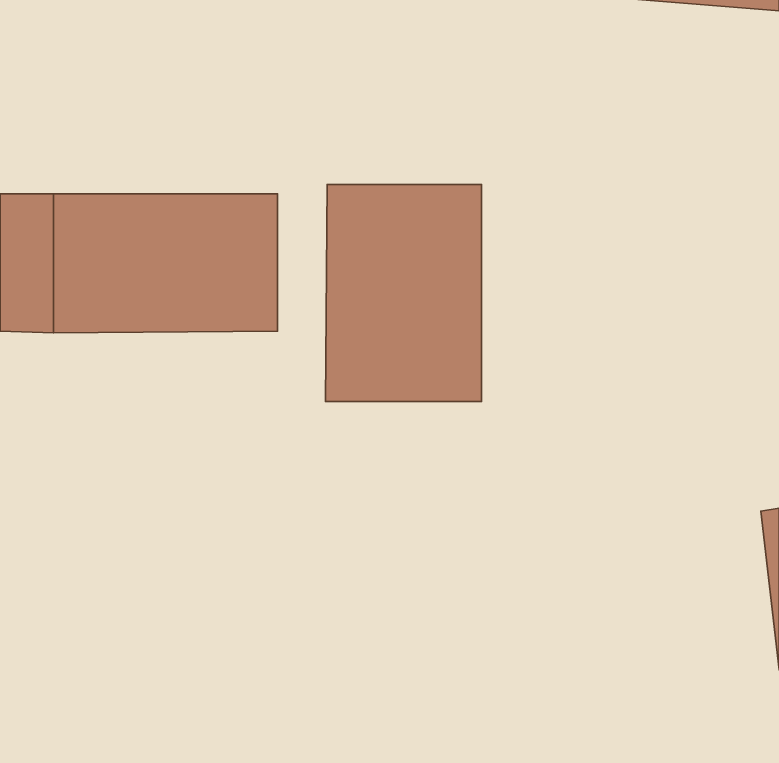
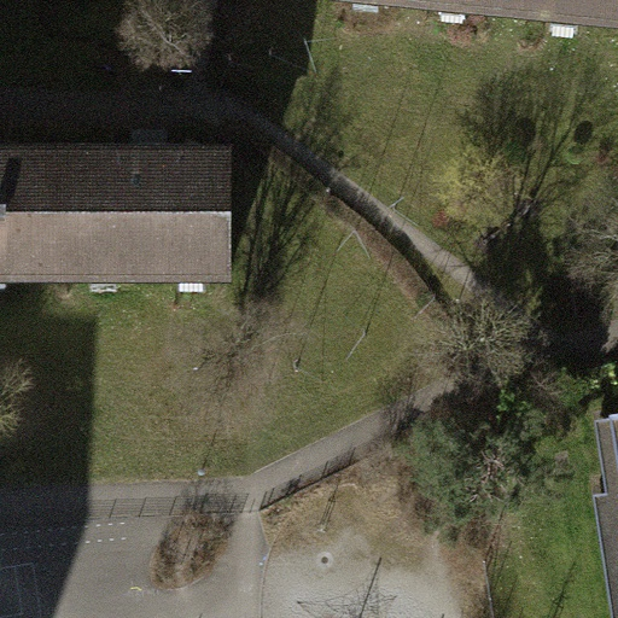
building: [325,185,482,401] -> none

